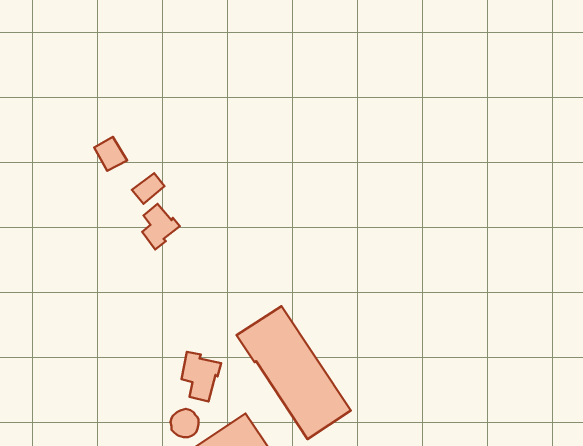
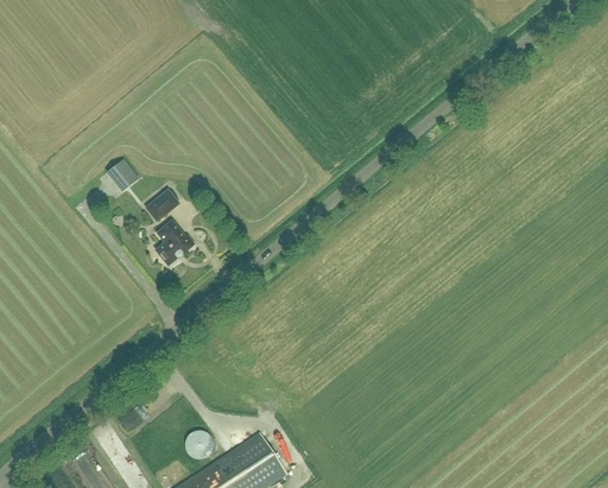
building: [236,306,351,439] -> none
building: [182,352,221,401] -> none

